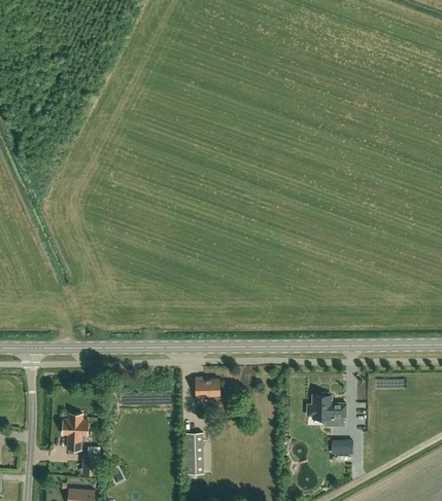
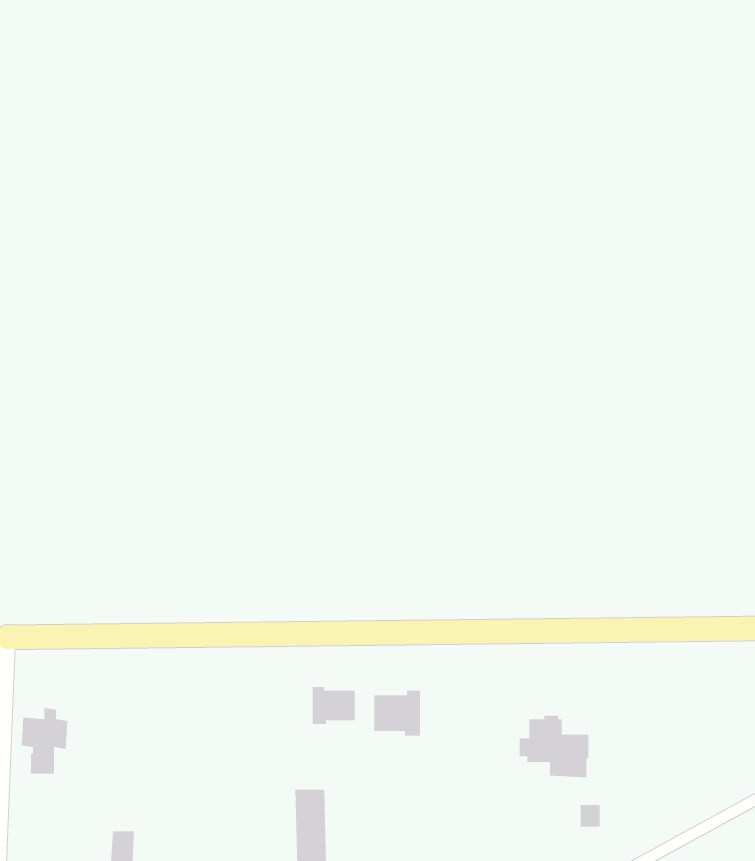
building: none -> [374,690,421,737]
building: [62,413,88,449] -> [21,708,68,774]

